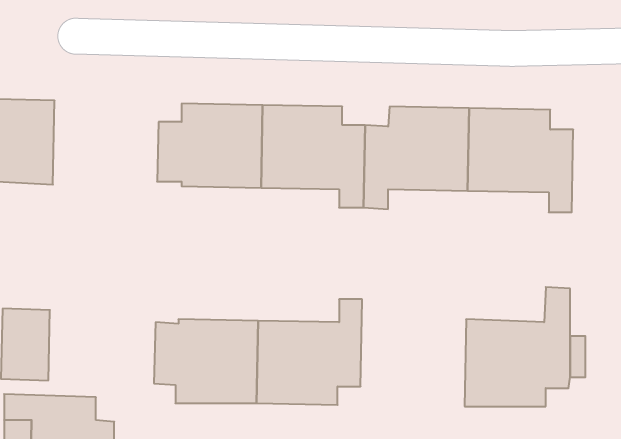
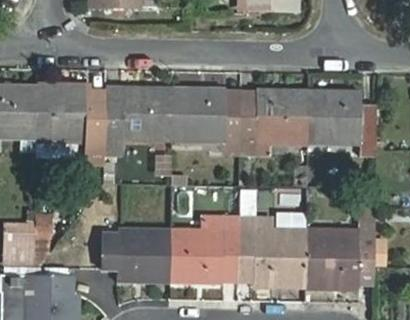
building: none -> [36,84,105,164]
building: none -> [237,215,306,284]

